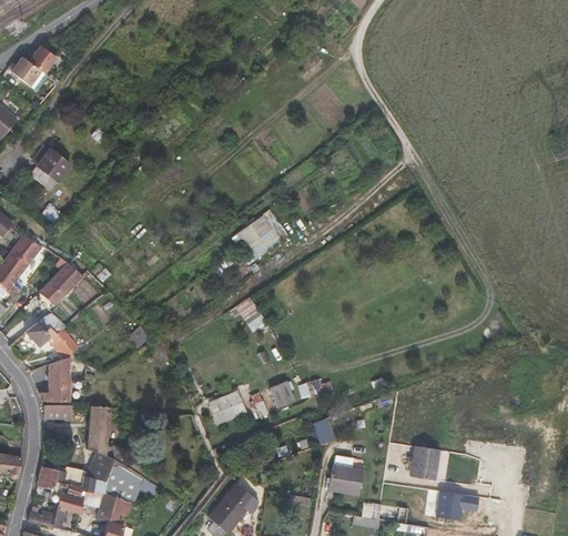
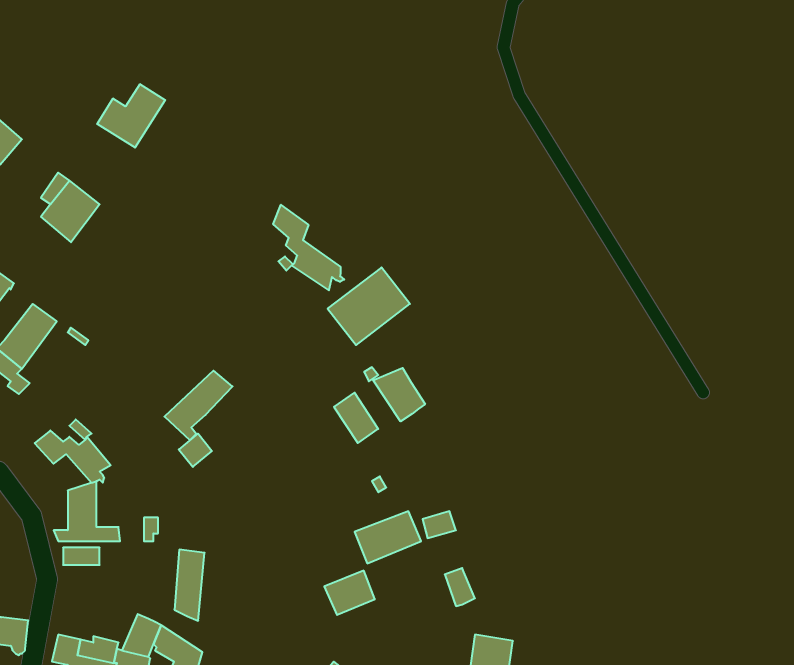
building: [9,43,57,88] -> [97,84,165,148]
building: none -> [273,205,344,290]
building: [34,264,82,313] -> [164,371,233,440]
building: none -> [373,368,425,421]
building: [210,392,245,423] -> [324,571,375,615]
building: [89,405,110,455] -> [174,550,205,621]
building: [410,448,438,478] -> none

